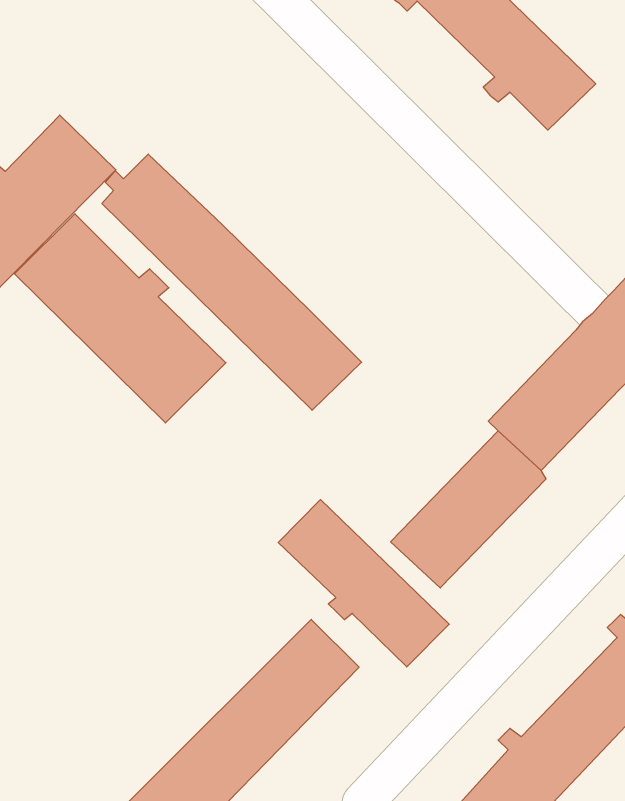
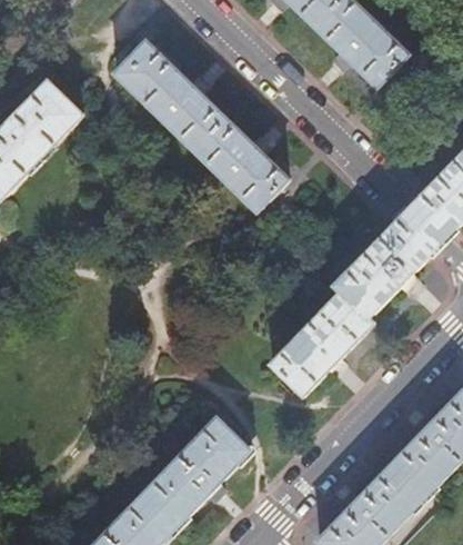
building: [102,154,362,410] -> [115,41,290,214]
building: [14,214,226,423] -> none
building: [278,500,449,667] -> none

